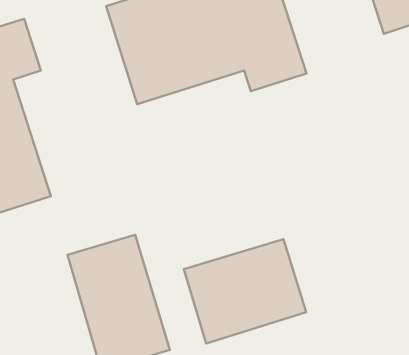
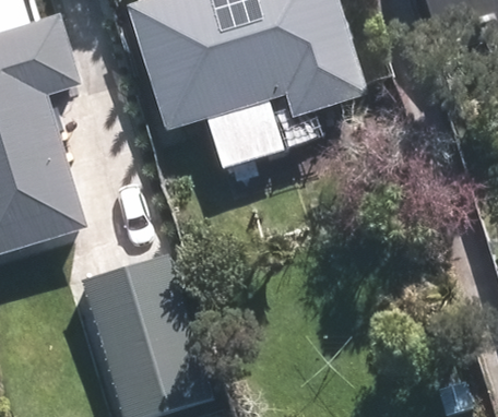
building: [184,239,306,344] -> none

